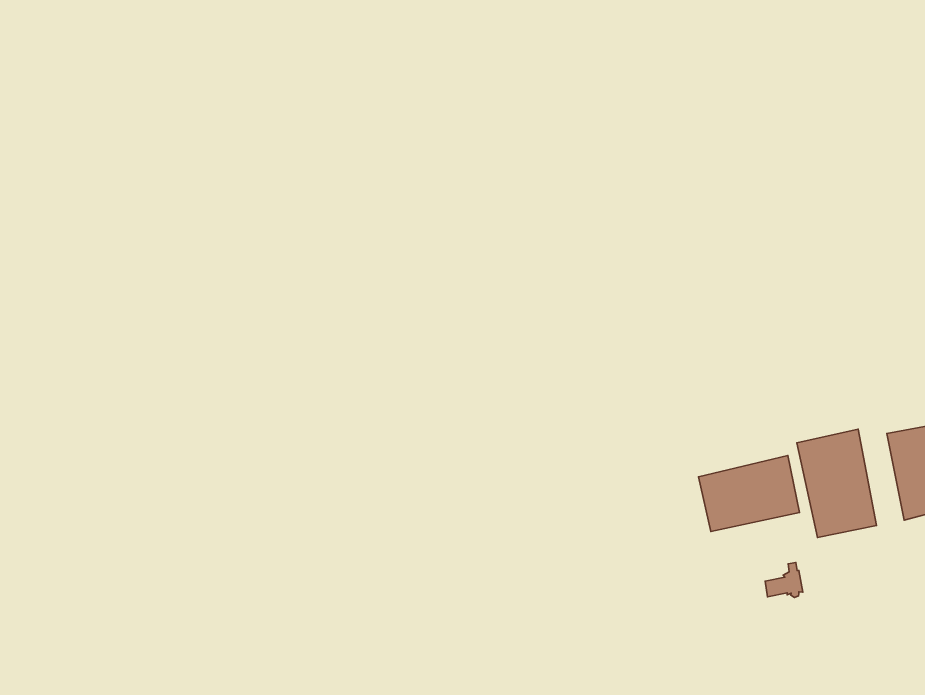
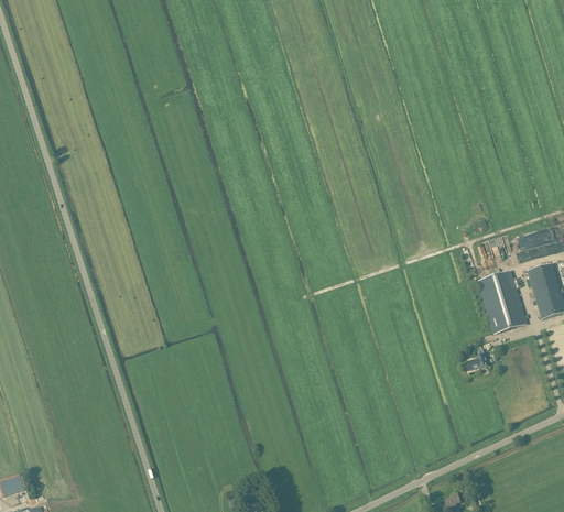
building: [698,455,800,532] -> none

